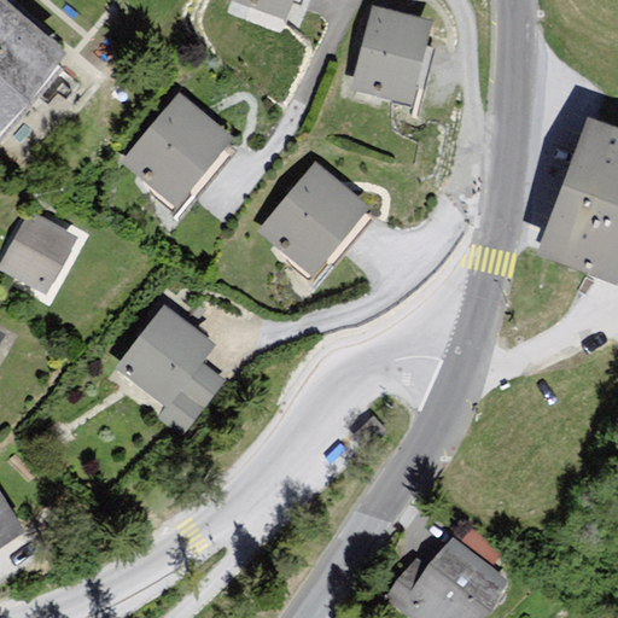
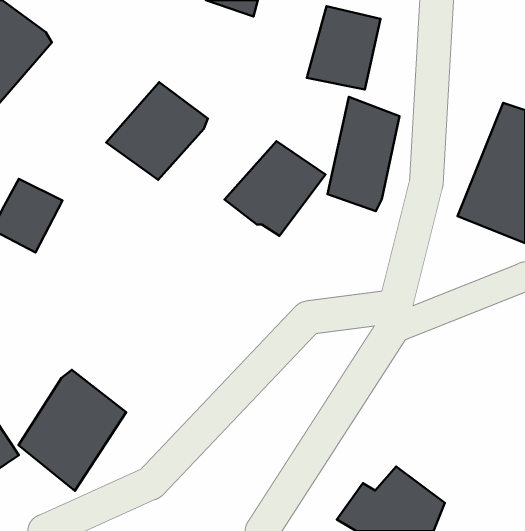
building: none -> [327,97,400,211]
building: [111,302,212,442] -> none
building: none -> [19,370,126,491]

